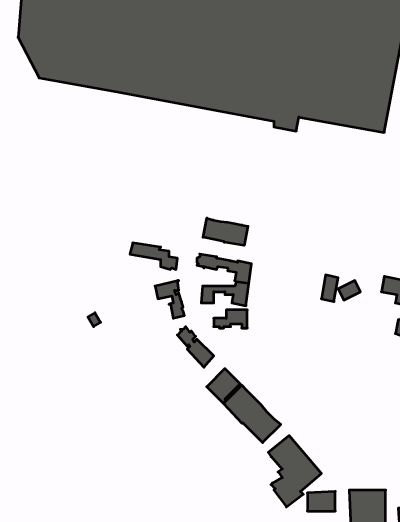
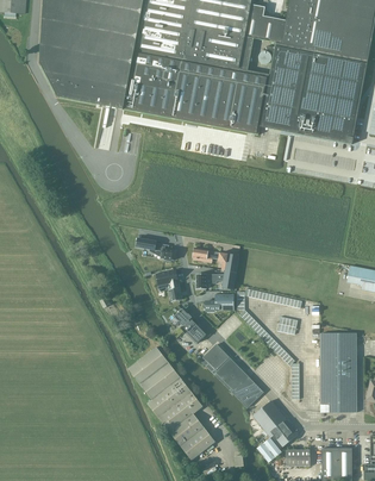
building: [203,218,248,245] -> none
building: none -> [320,331,357,411]
building: none -> [127,345,214,458]

